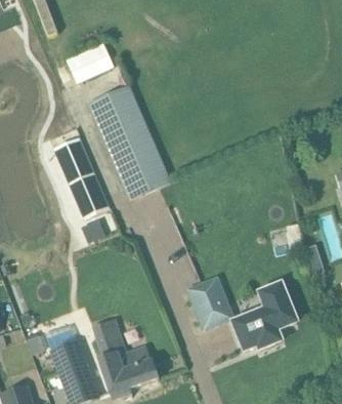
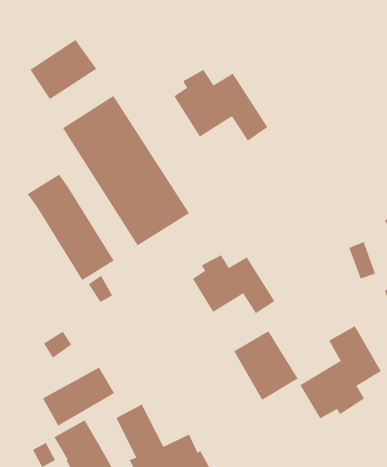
building: none -> [174,69,268,141]
building: none -> [192,255,275,314]
building: none -> [42,367,115,426]

